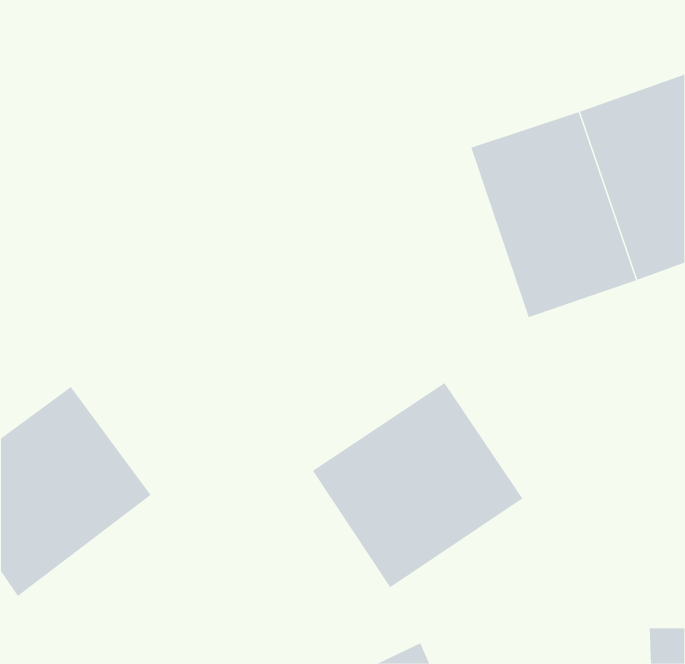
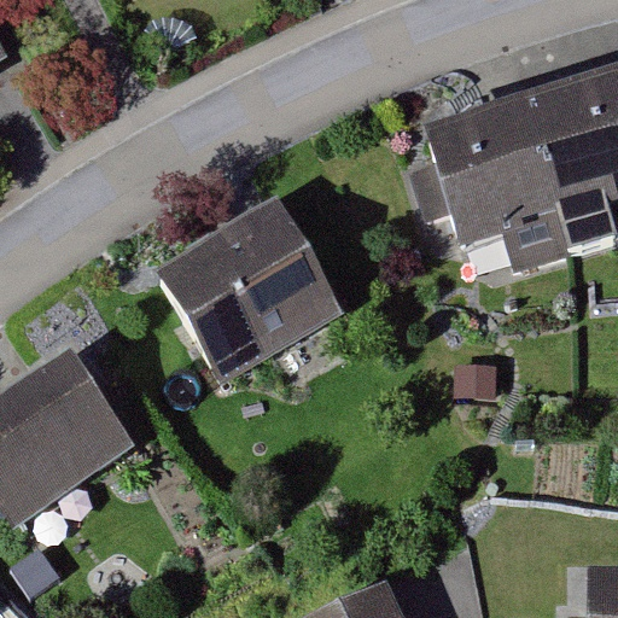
building: none -> [153,199,346,386]
building: [312,382,523,588] -> none

